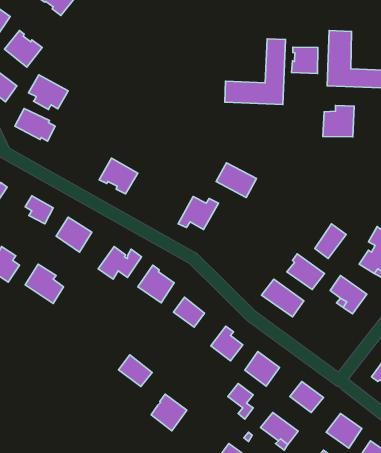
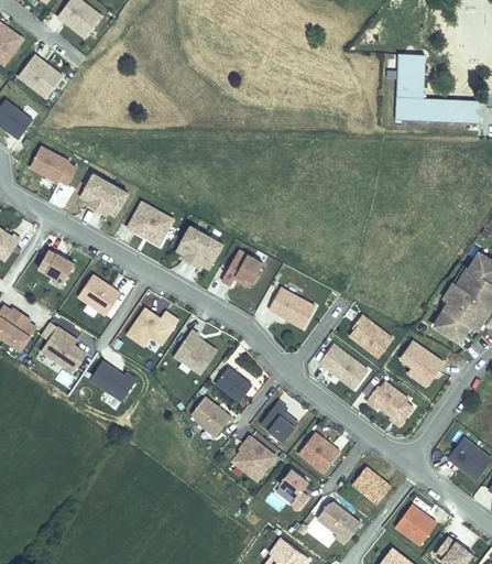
building: [225,39,286,104] -> none
building: [292,47,318,74] -> none
building: [29,75,68,110] -> [81,174,128,215]
building: [323,105,354,137] -> none
building: [216,163,257,197] -> [266,288,314,328]
building: none -> [177,225,221,267]
building: [315,224,346,258] -> none
building: none -> [91,361,139,402]
building: none -> [365,381,413,425]
building: [118,355,152,387] -> [190,394,230,432]
building: [151,394,187,431] -> [232,435,274,478]

